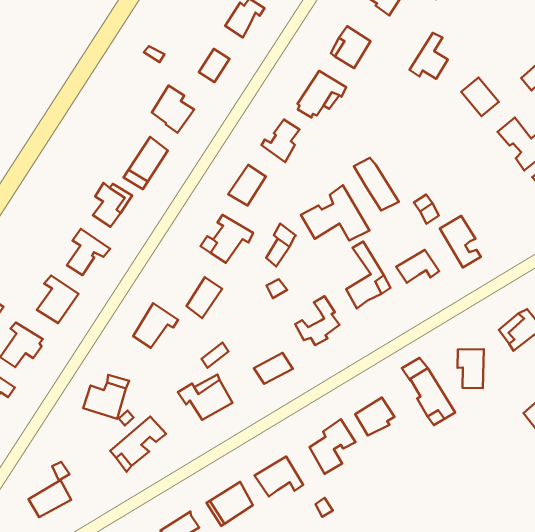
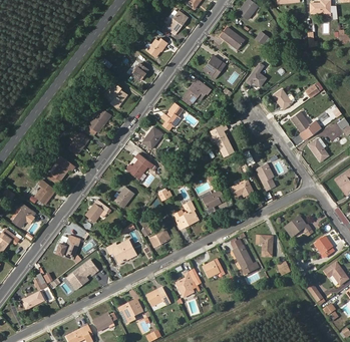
building: [301,185,370,241] -> none

